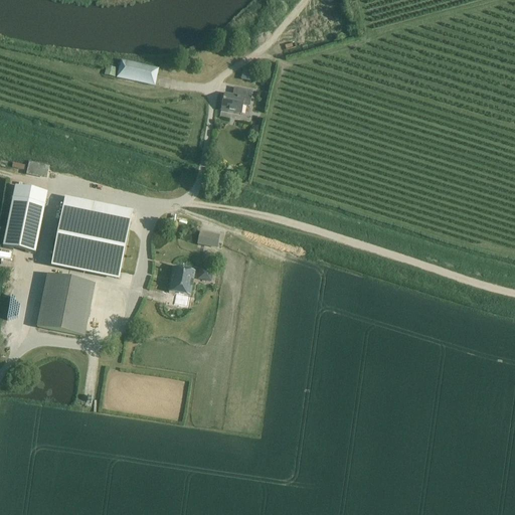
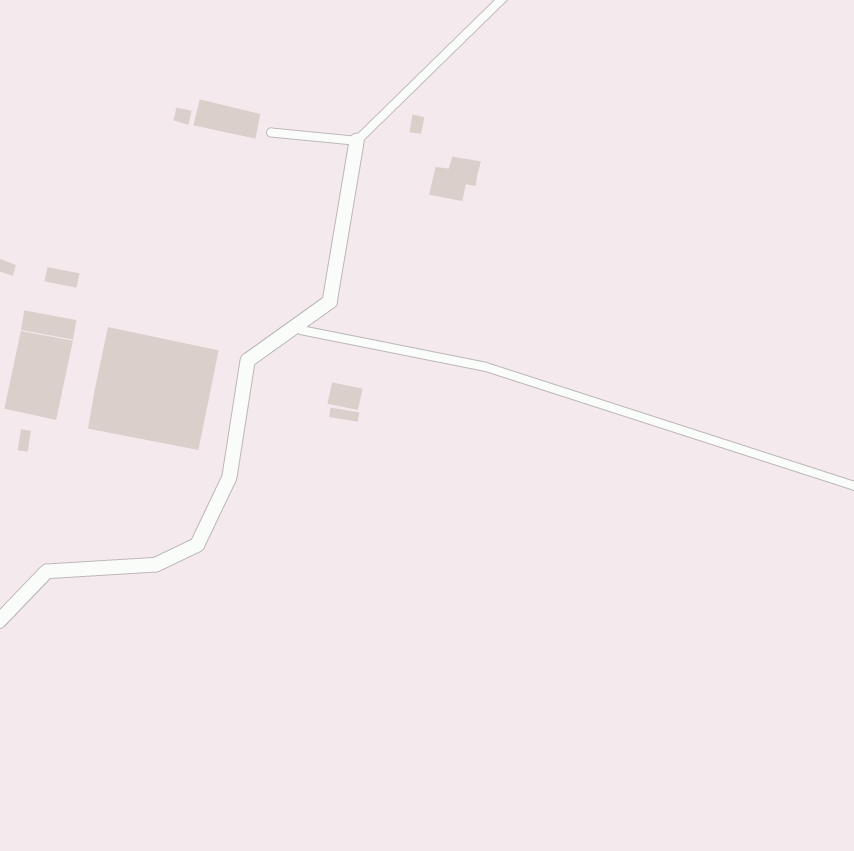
building: [219,87,251,114] -> [428,156,482,202]
building: [168,267,194,300] -> none
building: [36,275,94,335] -> none

